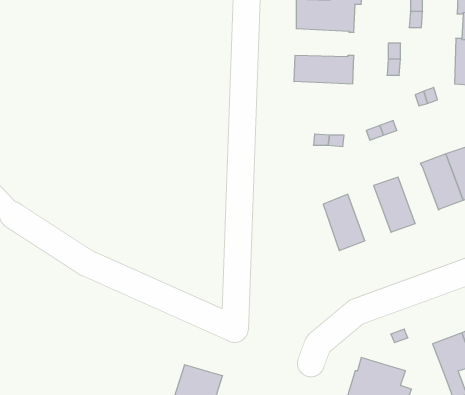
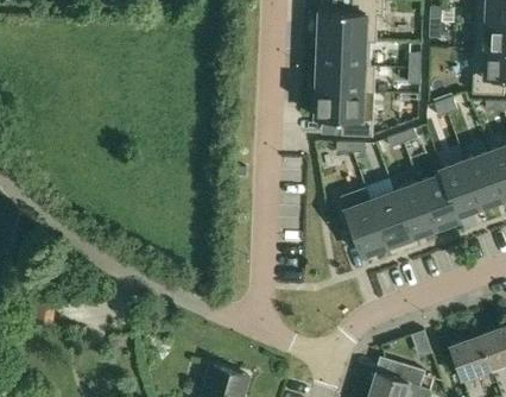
building: none -> [318,39,371,67]
building: none -> [316,90,374,137]
building: none -> [418,174,460,228]
building: none -> [369,191,411,245]

